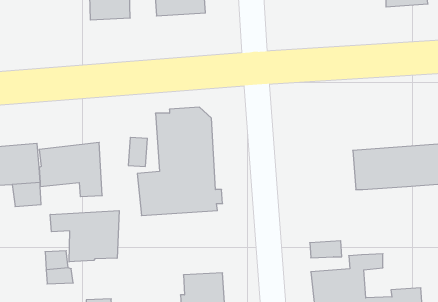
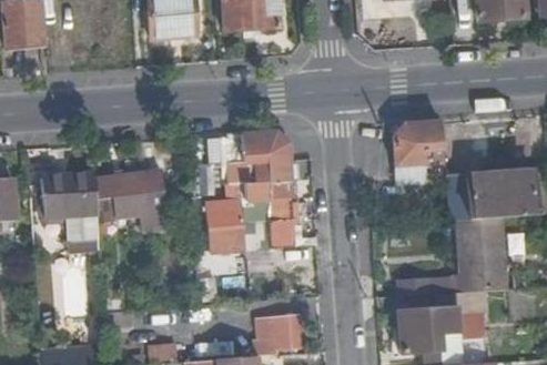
building: none -> [391,123,440,186]
building: none -> [452,219,508,294]
building: [50,211,119,262] -> none

